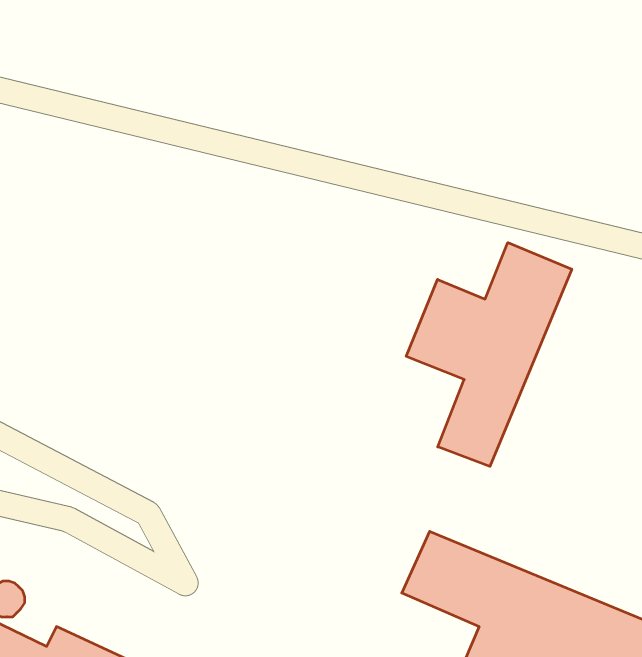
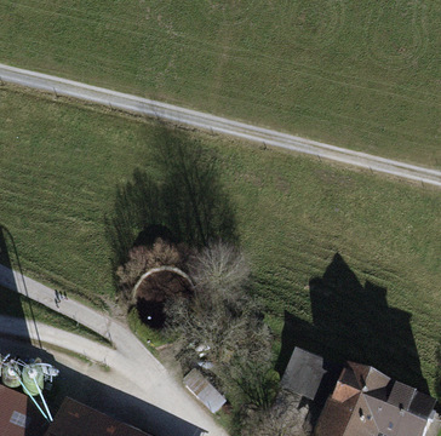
building: [406,243,572,466] -> none

